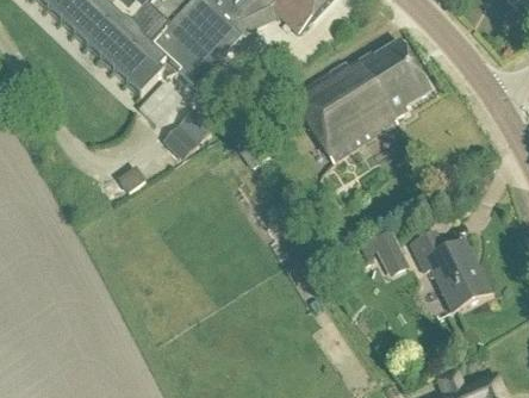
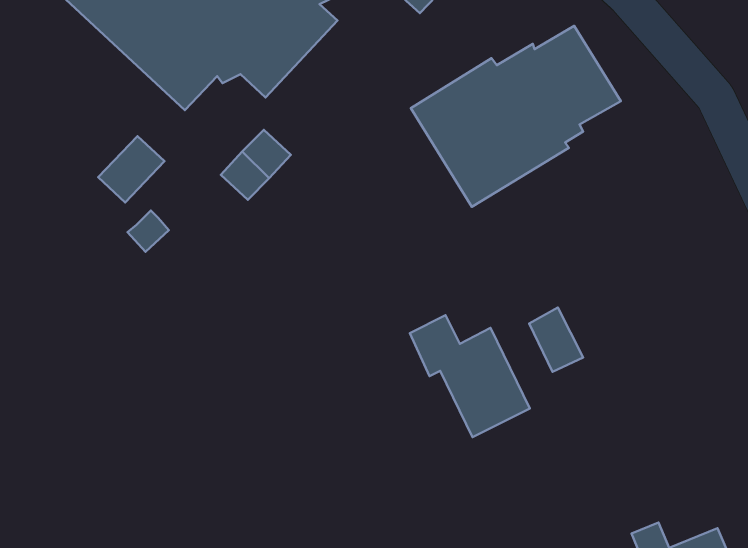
building: [138,77,182,122] -> [98,136,165,202]
building: [411,229,491,310] -> [410,315,530,437]

